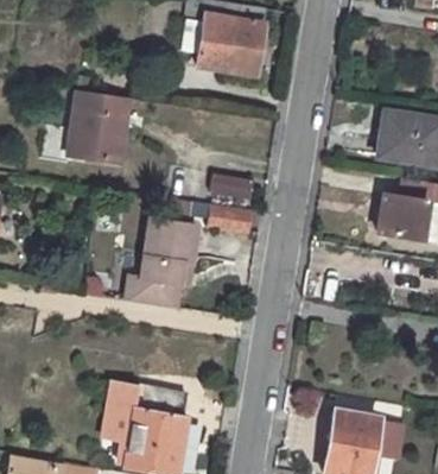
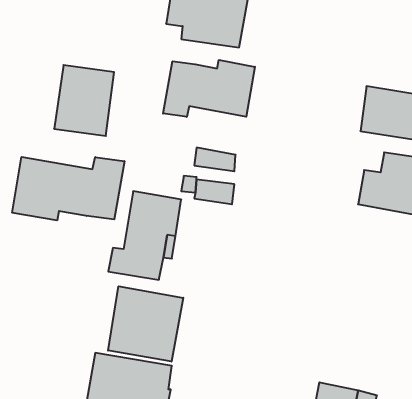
building: none -> [163,60,255,117]
building: none -> [12,157,124,220]
building: none -> [108,286,183,362]

